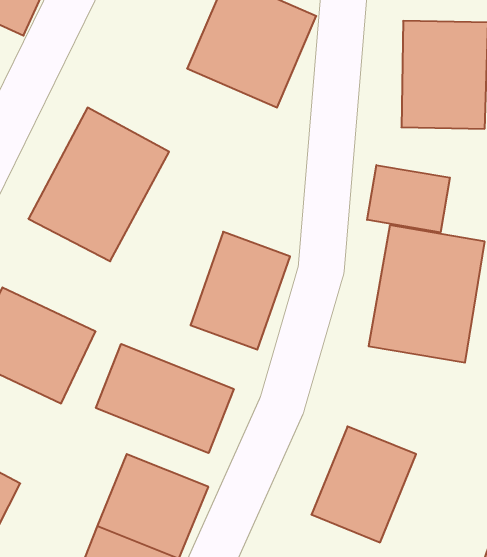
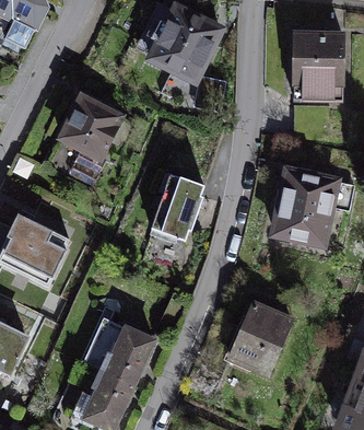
building: [367,165,450,232] -> none
building: [96,344,234,453] -> none

